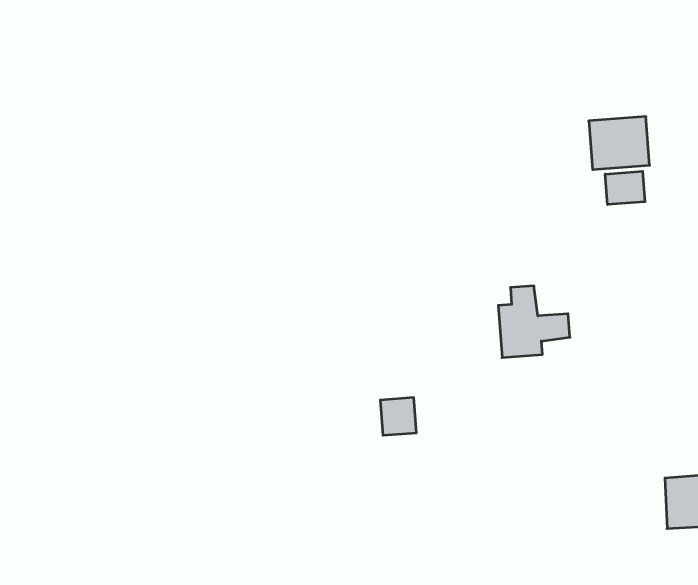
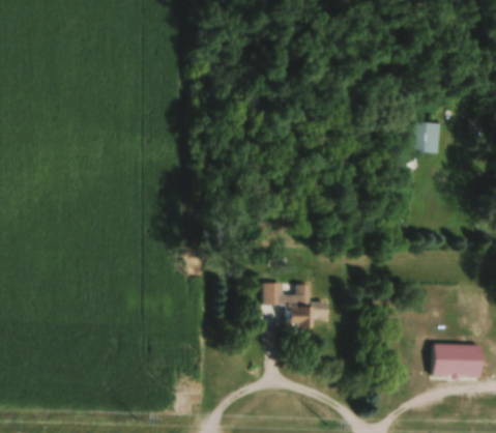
building: [605,171,645,205] -> none
building: [498,286,570,358] -> [286,285,328,327]

